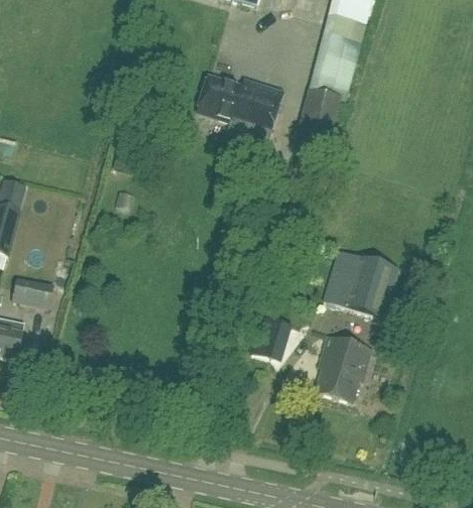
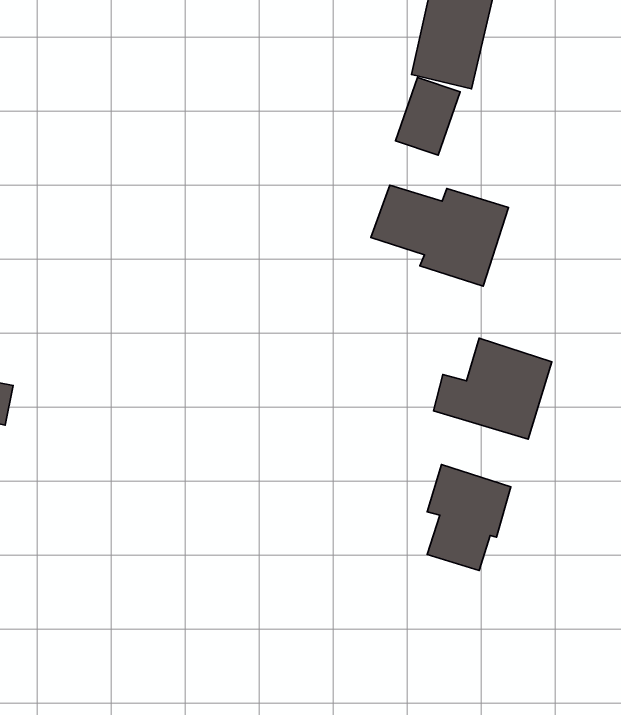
building: [197,76,284,140] -> [371,185,508,286]
building: [265,318,297,361] -> none

